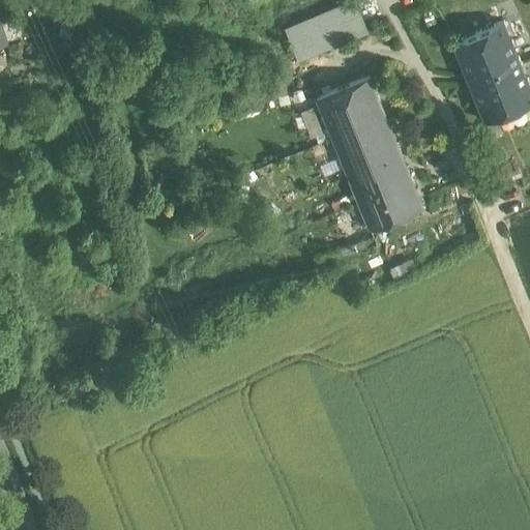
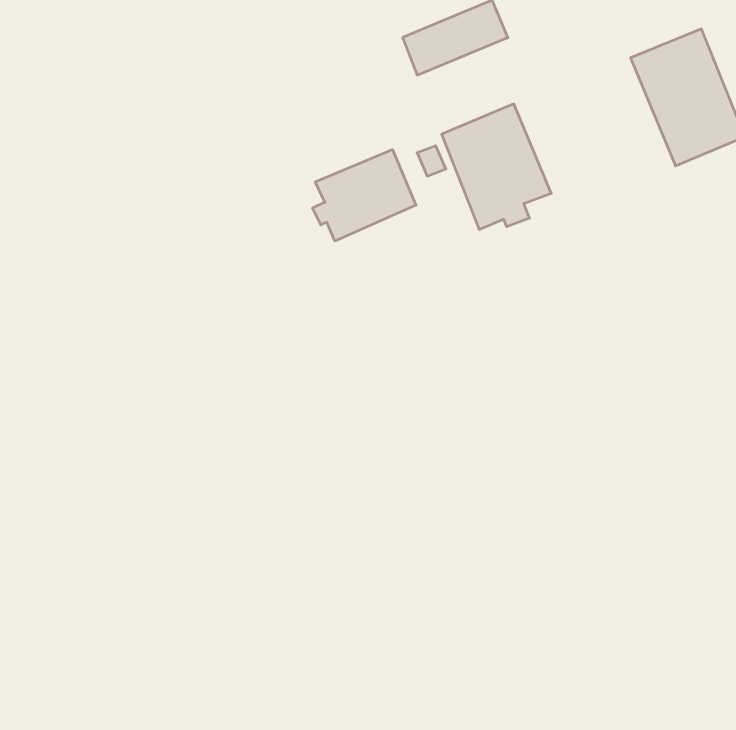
building: none -> [313,150,416,241]
building: [345,144,423,232] -> none

